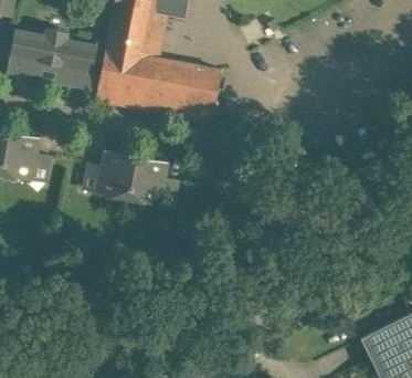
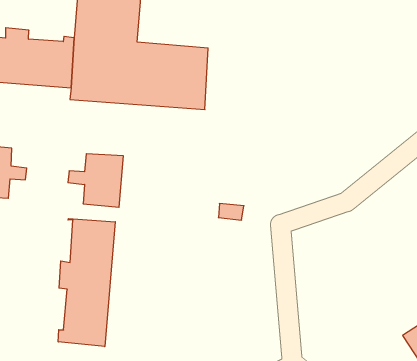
building: [128,155,179,204] -> none
building: none -> [58,219,115,347]

